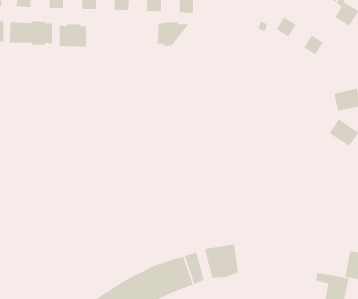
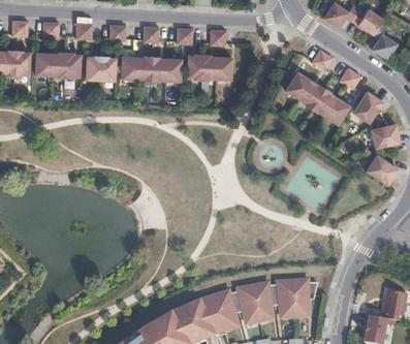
building: none -> [122,56,182,82]
building: none -> [203,56,232,80]
building: none -> [285,71,349,123]
building: none -> [352,90,382,122]
building: none -> [276,280,308,315]

